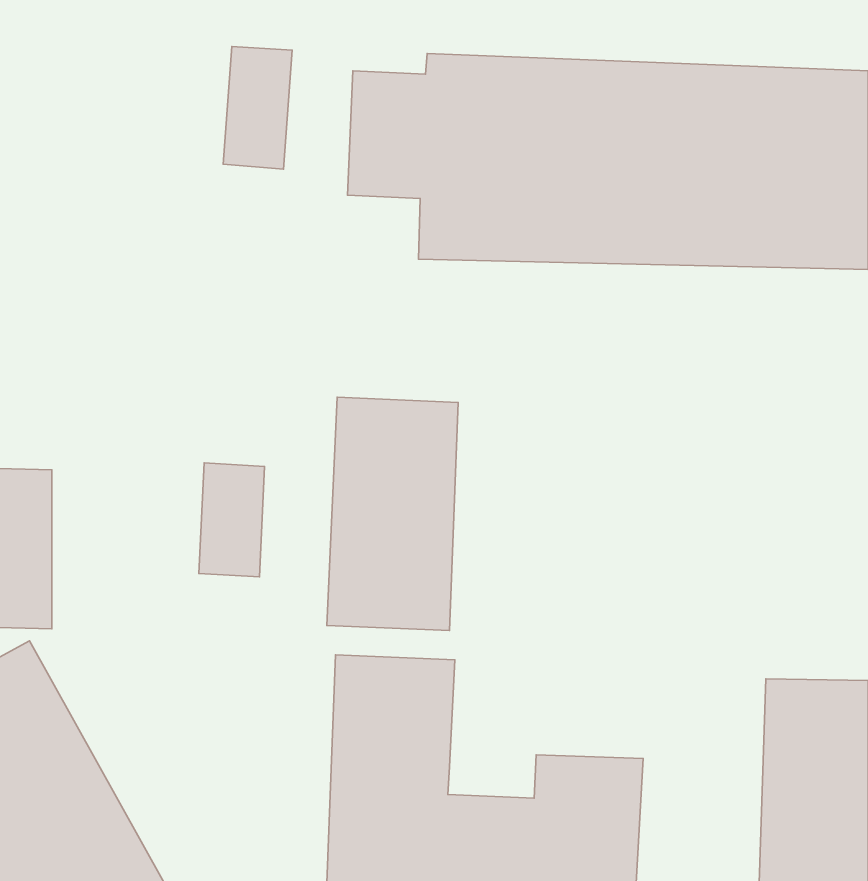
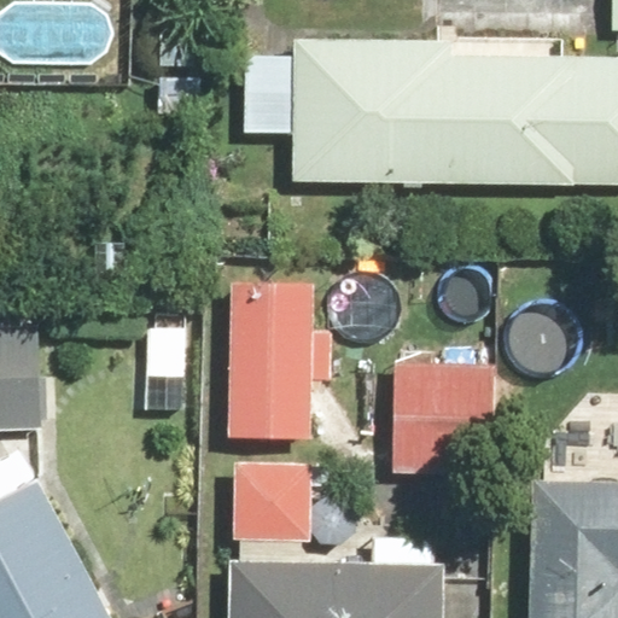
building: none -> [389,357,499,478]

